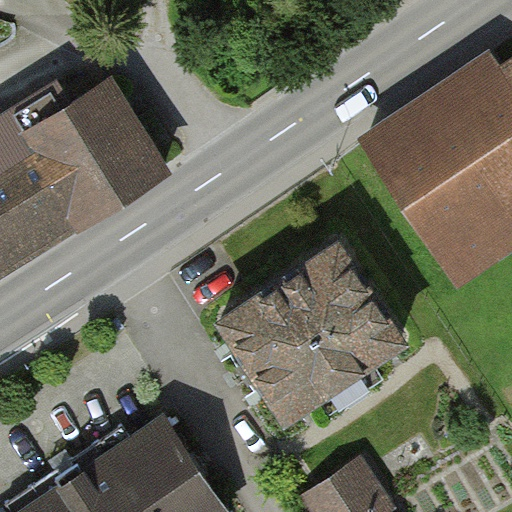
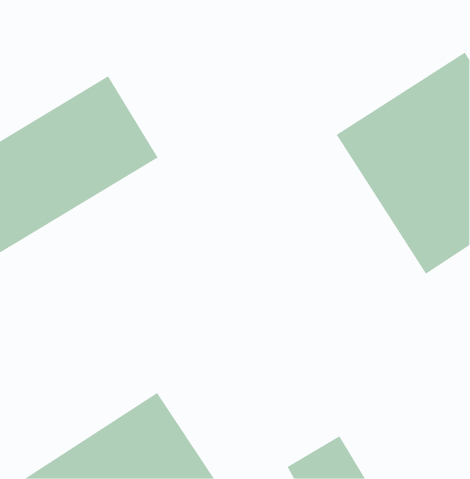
building: [221,245,412,427] -> none

